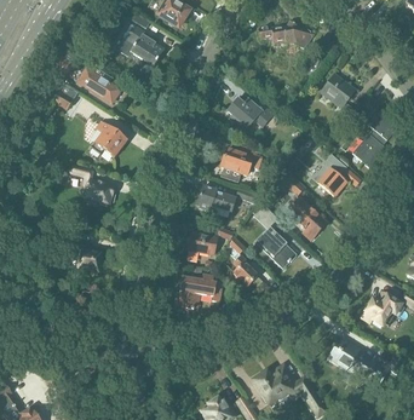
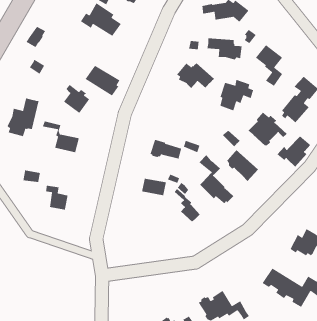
building: [77,64,120,102] -> [85,65,120,96]
building: none -> [207,37,242,61]
building: none -> [7,97,39,137]
building: [220,144,261,183] -> [219,79,254,111]
building: none -> [277,135,311,168]
building: [178,275,222,310] -> none

